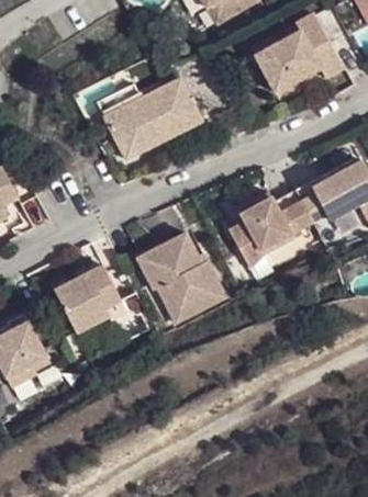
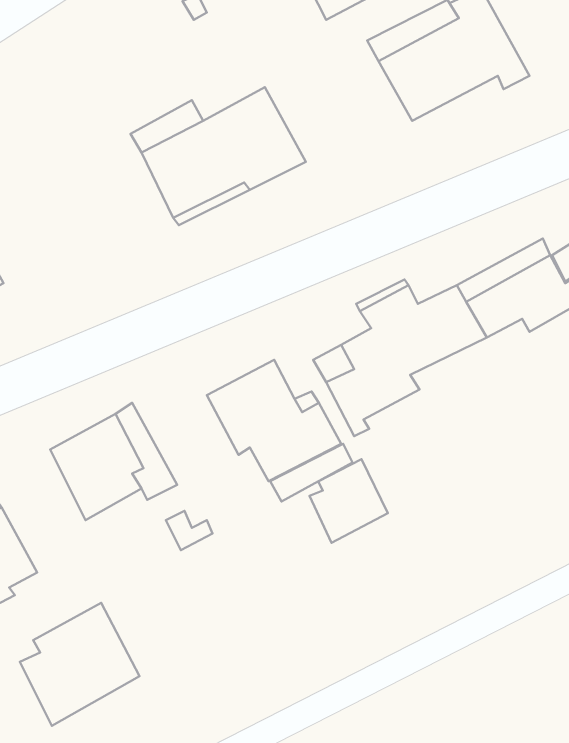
building: none -> [310,459,388,543]
building: none -> [20,603,139,726]

